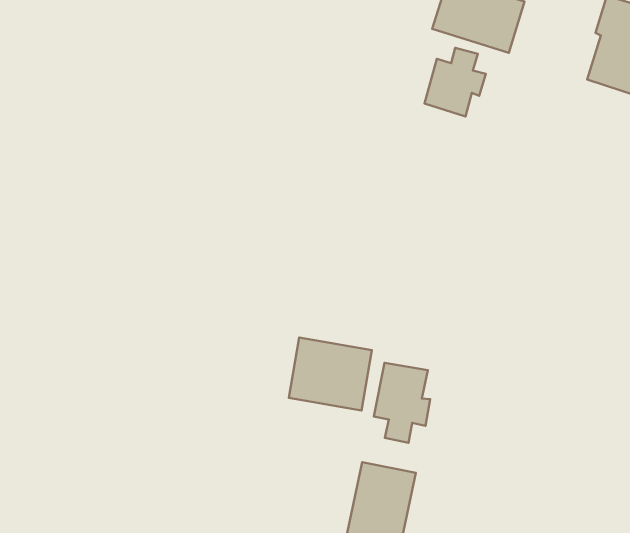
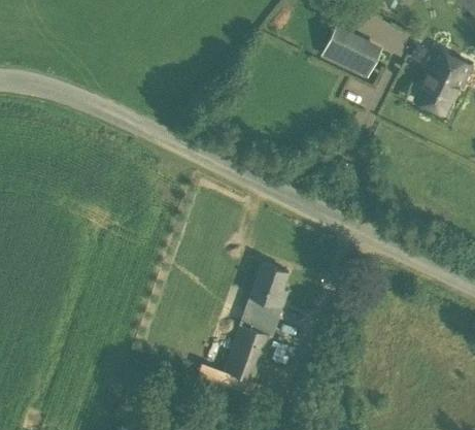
building: [424,48,486,117] -> none
building: [289,338,372,410] -> none

